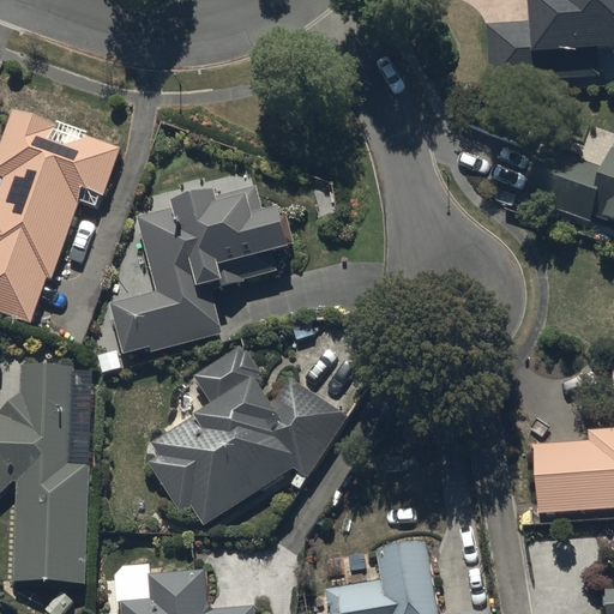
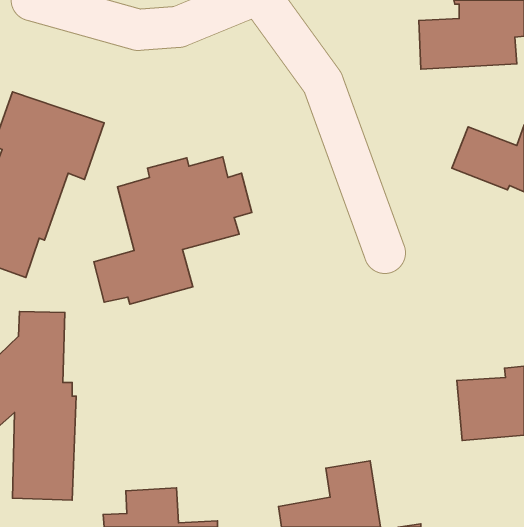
building: [146,345,347,525] -> none

